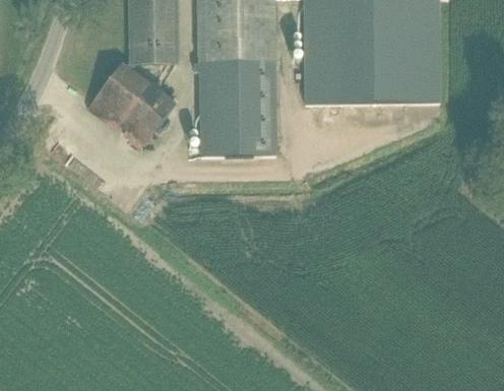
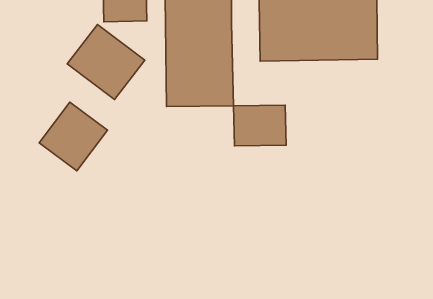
building: none -> [39,102,108,171]
building: none -> [233,105,286,146]

